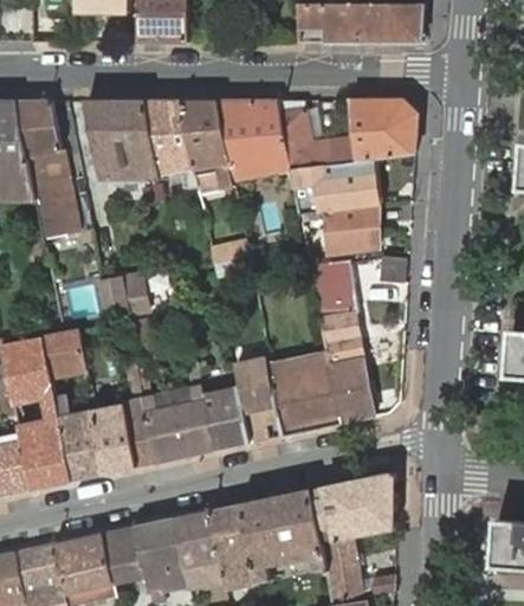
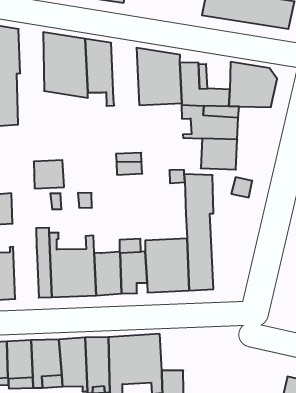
building: [181,99,234,194] -> none
building: [91,400,137,472] -> none
building: [311,472,395,539] -> none

